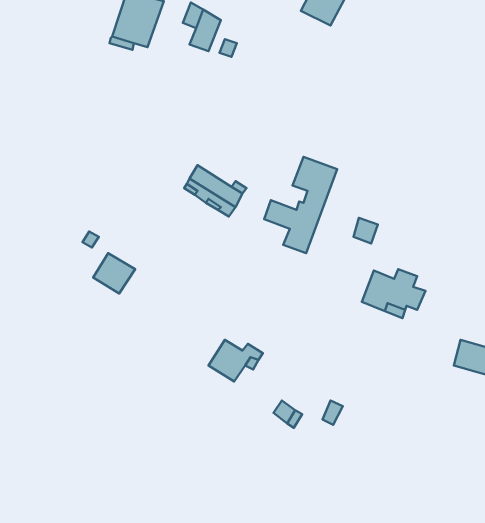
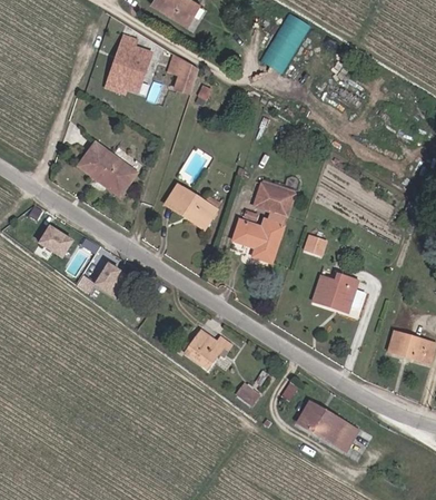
building: none -> [78,144,135,192]
building: none -> [38,224,70,254]
building: none -> [297,400,357,449]

